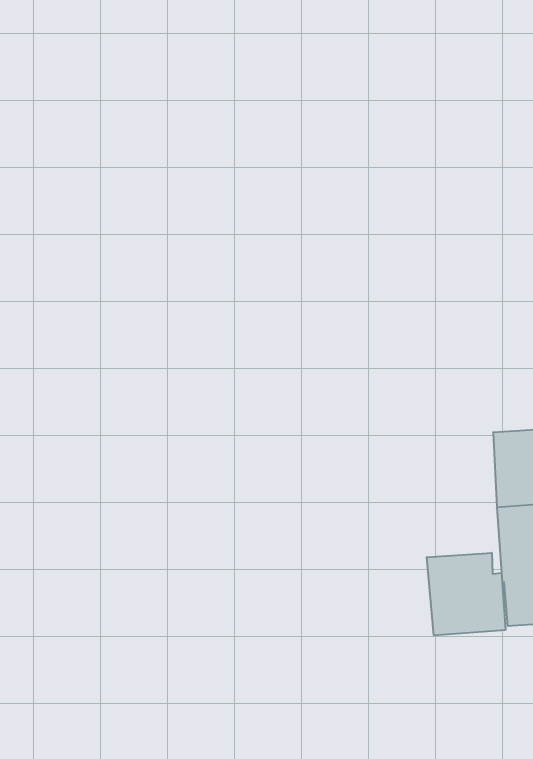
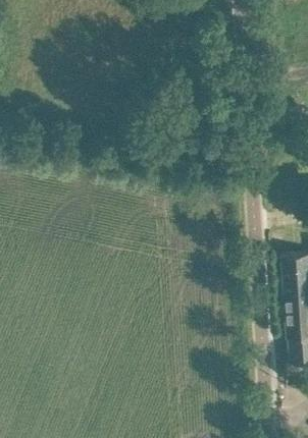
building: [427,553,505,635] -> none

